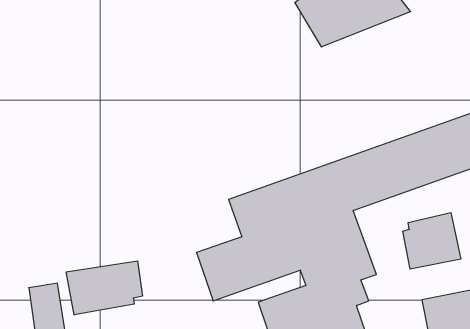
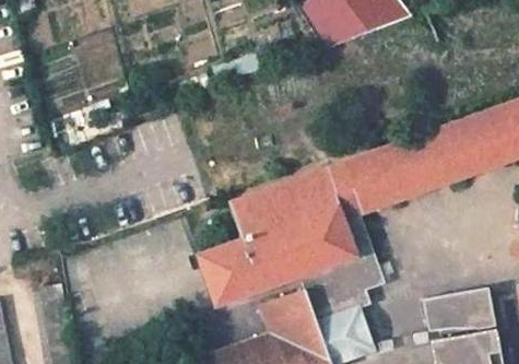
building: [403,213,461,269] -> none
building: [66,261,142,315] -> none

